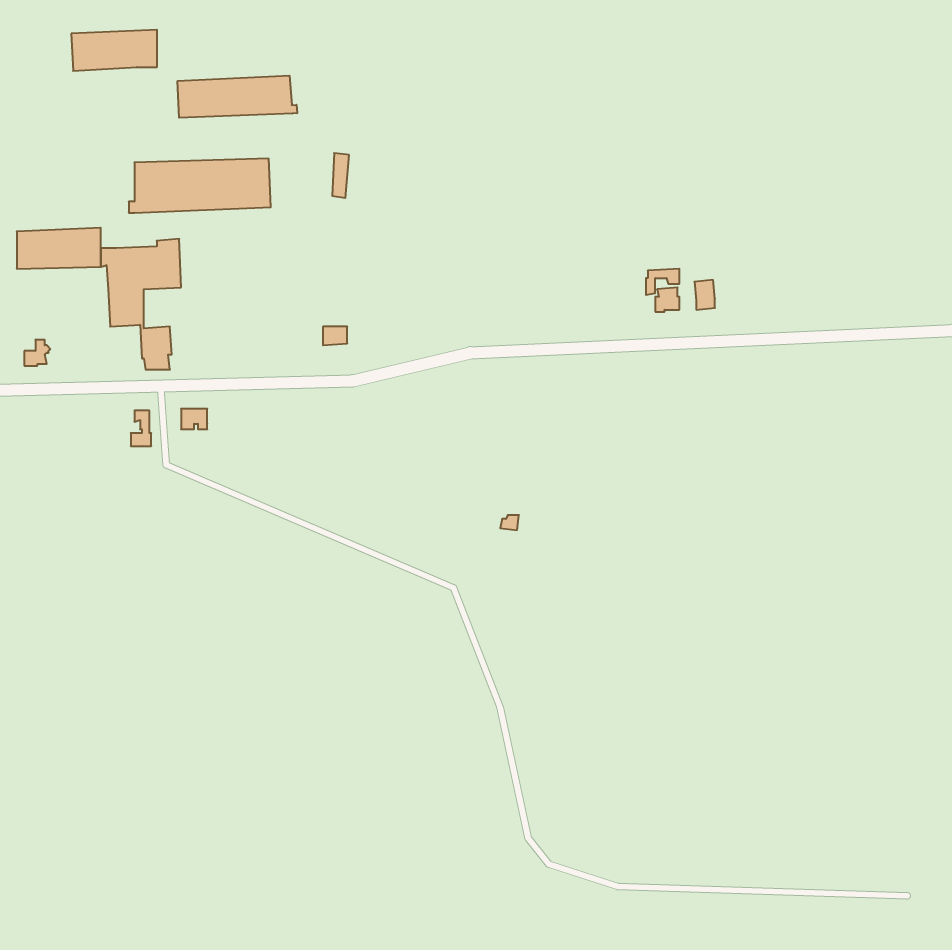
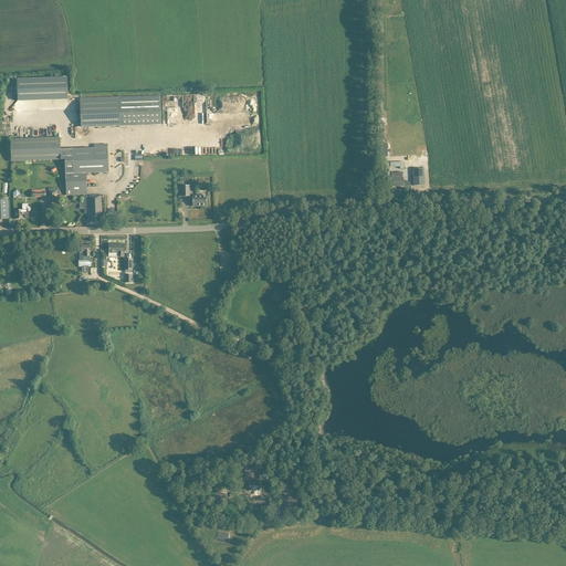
building: [71,30,157,71] -> [15,75,66,99]
building: [178,76,297,118] -> none

